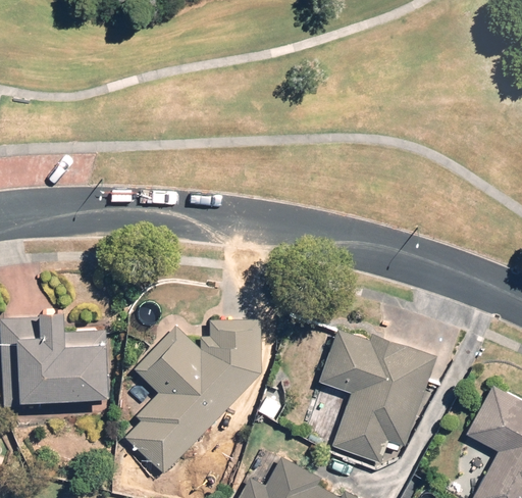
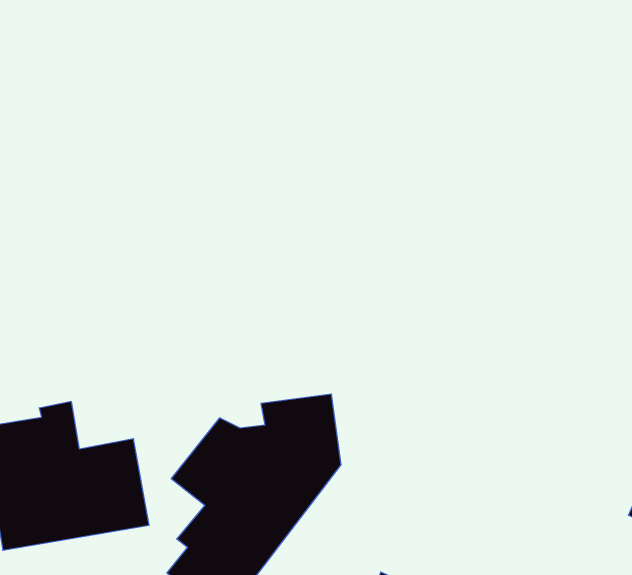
building: [319,330,433,463] -> none

